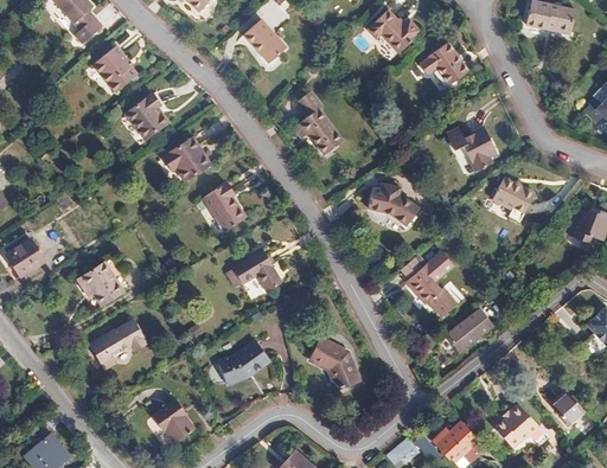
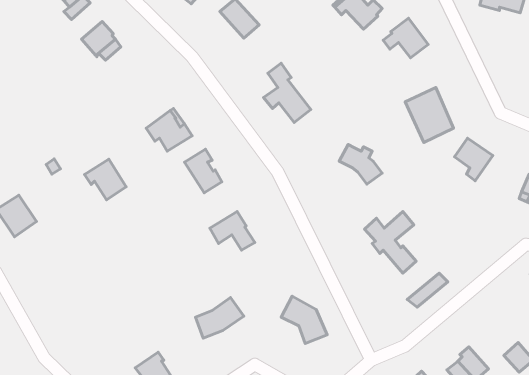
building: [126,94,167,139] -> none
building: [79,261,124,304] -> [85,159,126,200]
building: [89,321,146,371] -> none

